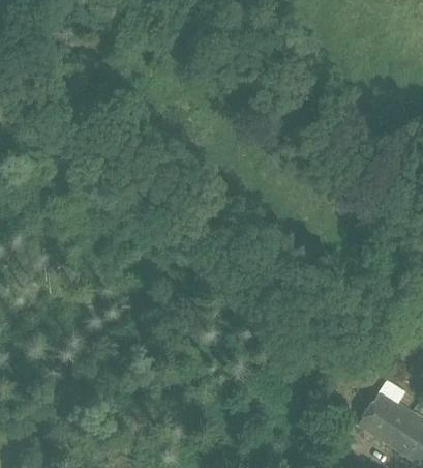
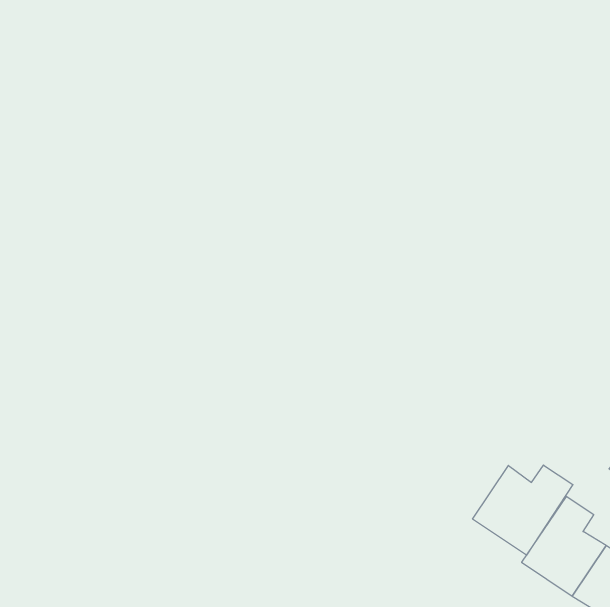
building: none -> [473,465,573,555]

